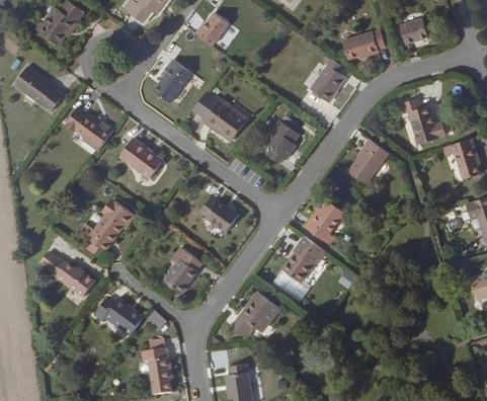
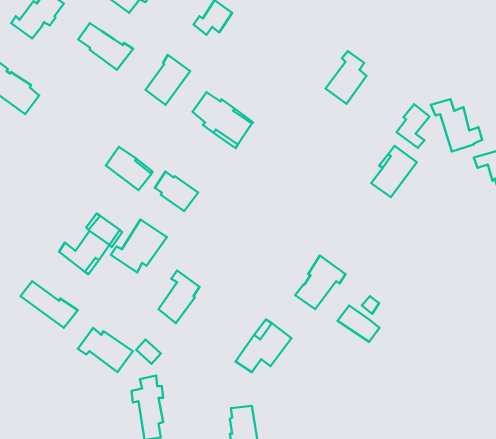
building: [400,18,428,44] -> none
building: [343,29,386,58] -> none
building: none -> [397,104,429,148]
building: [66,108,113,149] -> [78,23,133,70]
building: [265,122,298,163] -> none
building: [200,196,238,231] -> [155,172,198,211]
building: [305,198,345,243] -> none
building: none -> [111,219,167,273]
building: [273,268,310,300] -> [337,306,380,342]

